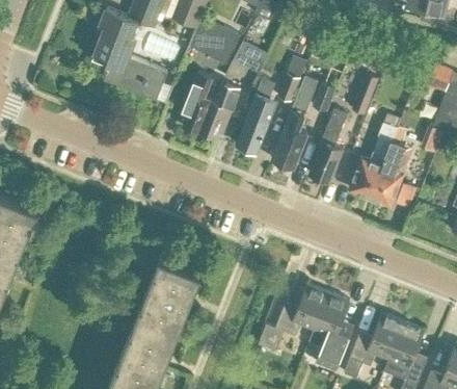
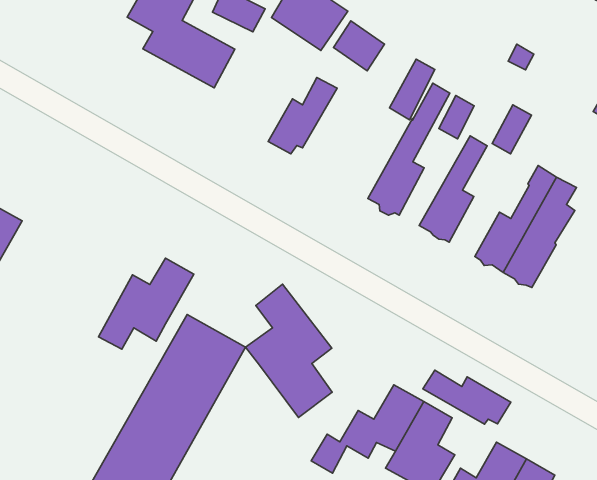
building: [181,73,212,132] -> none
building: [236,79,275,154] -> none
building: none -> [99,258,194,349]
building: none -> [246,284,332,417]
building: none -> [423,370,511,424]

